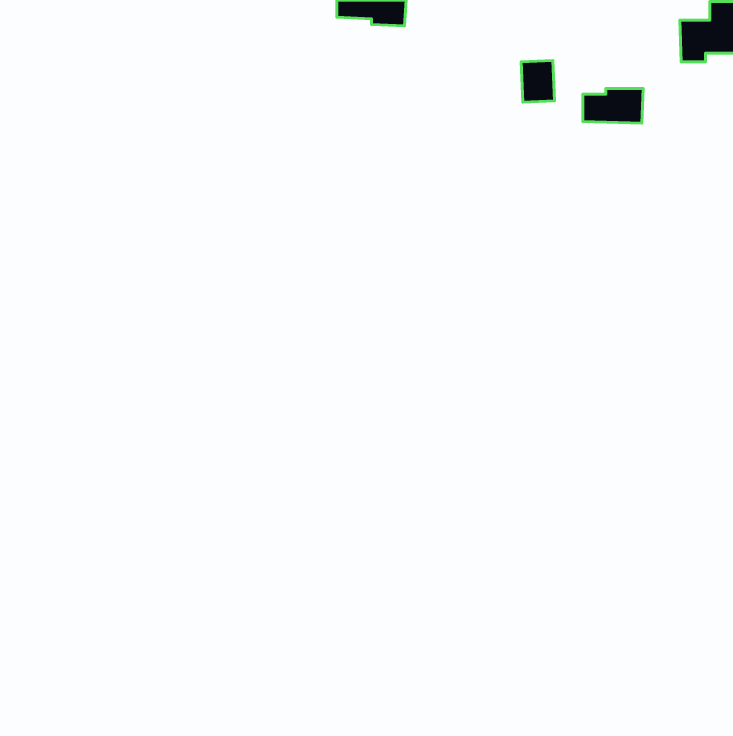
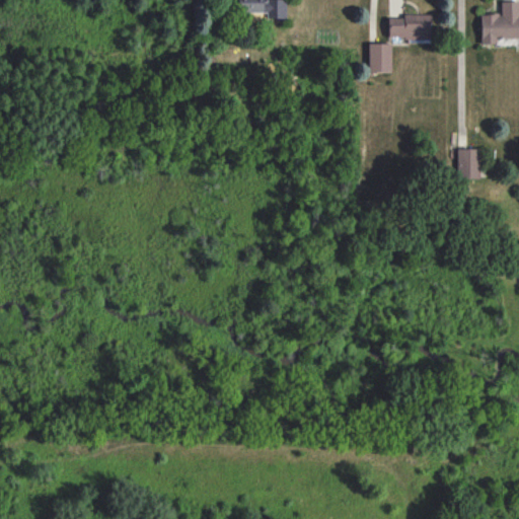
building: [583,89,643,123] -> [389,14,432,39]
building: none -> [458,148,484,177]

